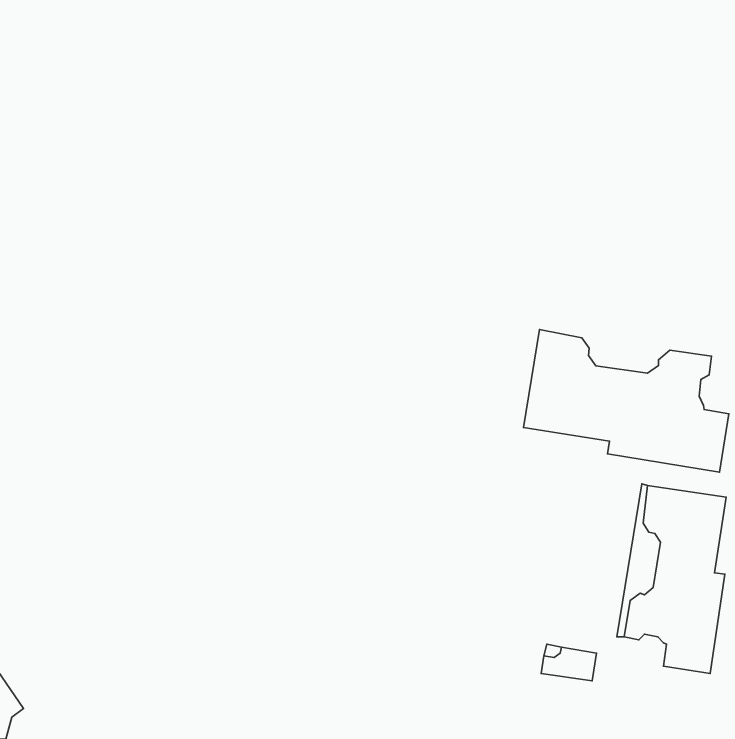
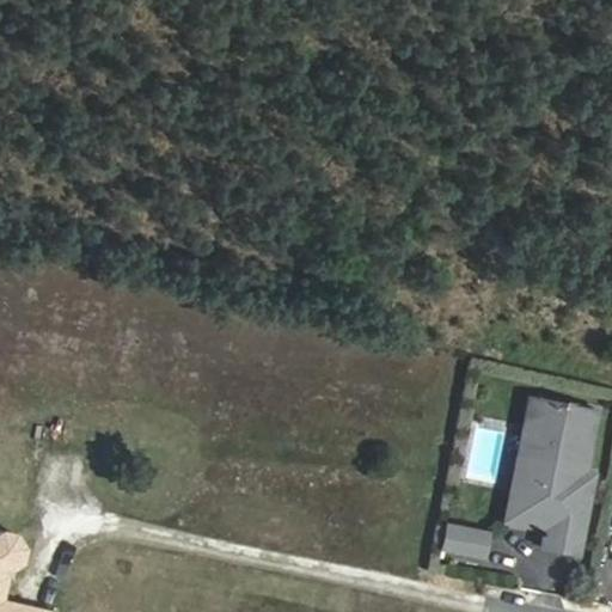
building: [523,330,729,472] -> none

